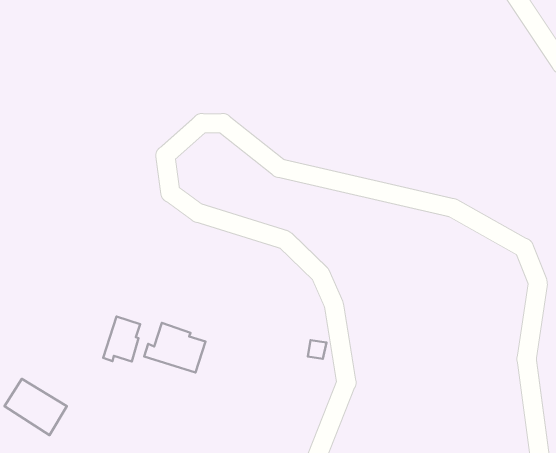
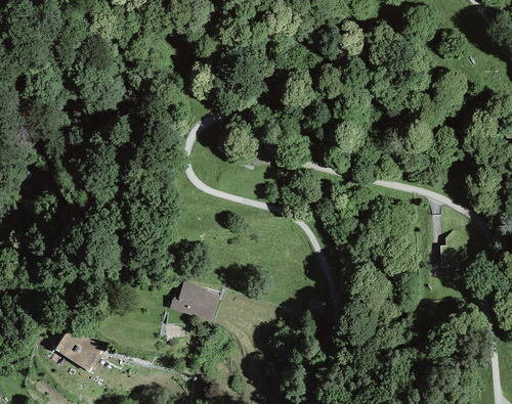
building: [103,317,140,362] -> none

